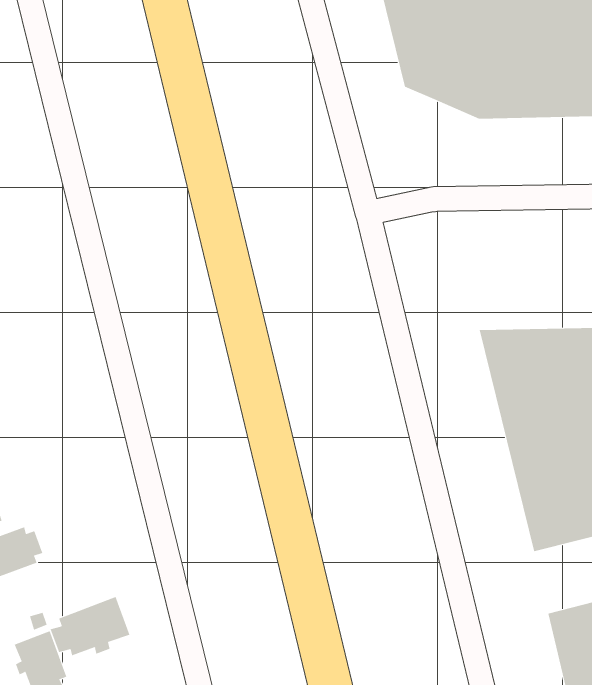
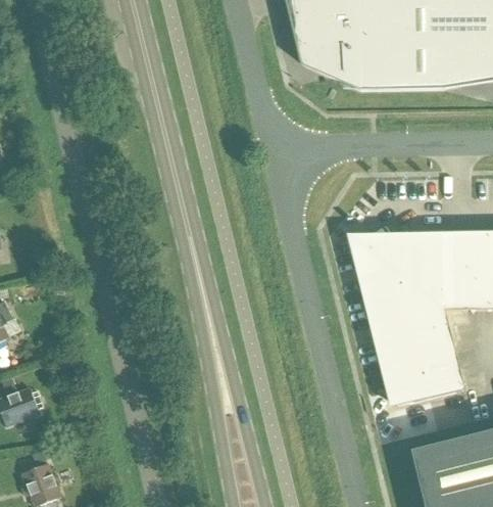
building: [50,596,130,656] -> none

